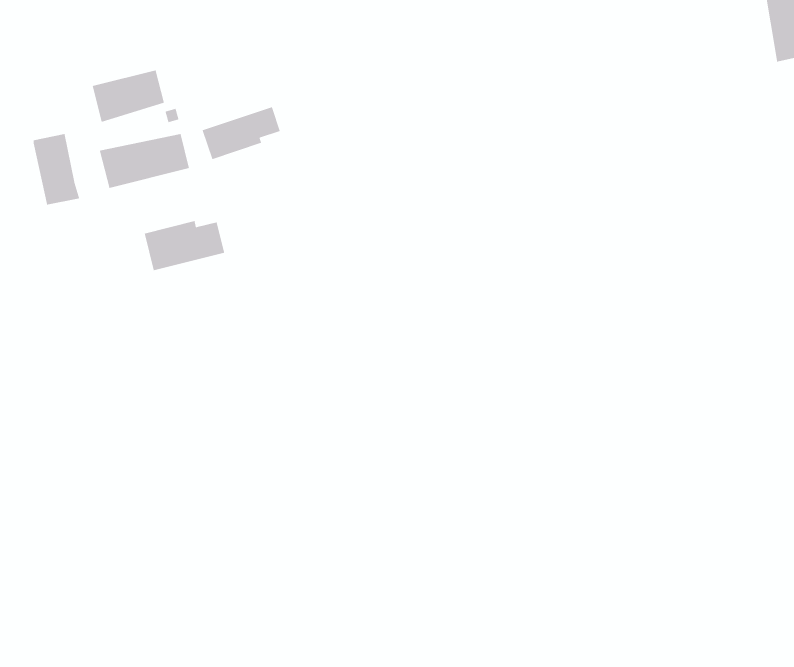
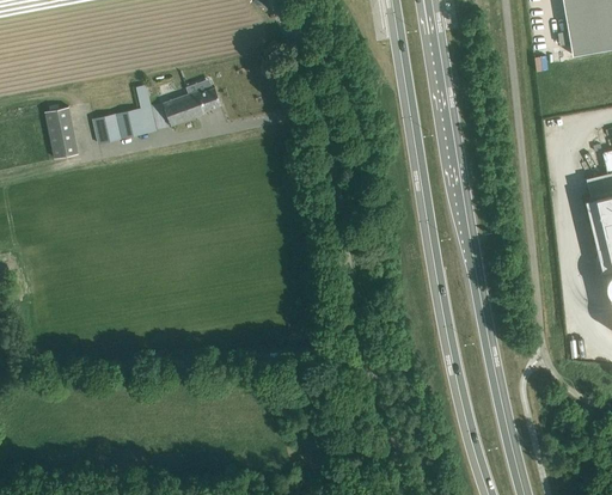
building: [92,69,165,123] -> none
building: [144,220,225,271] -> none

